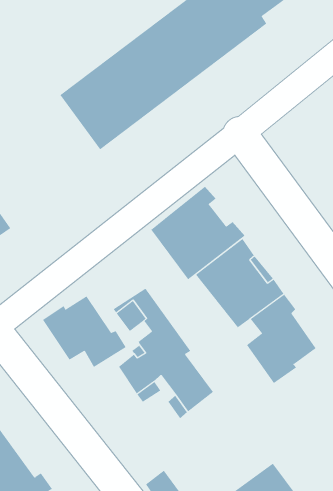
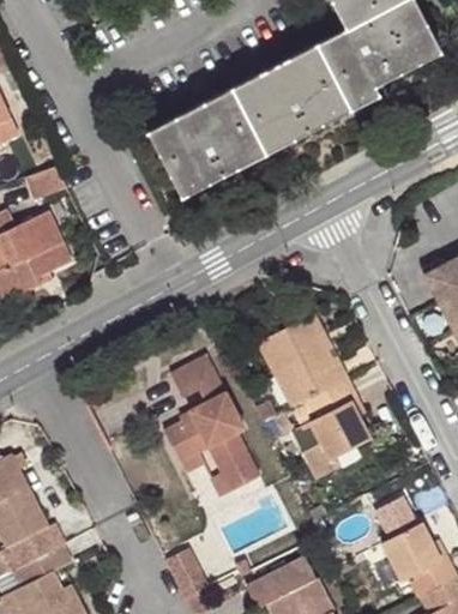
building: [150,186,246,280] -> none
building: [42,296,126,368] -> none

